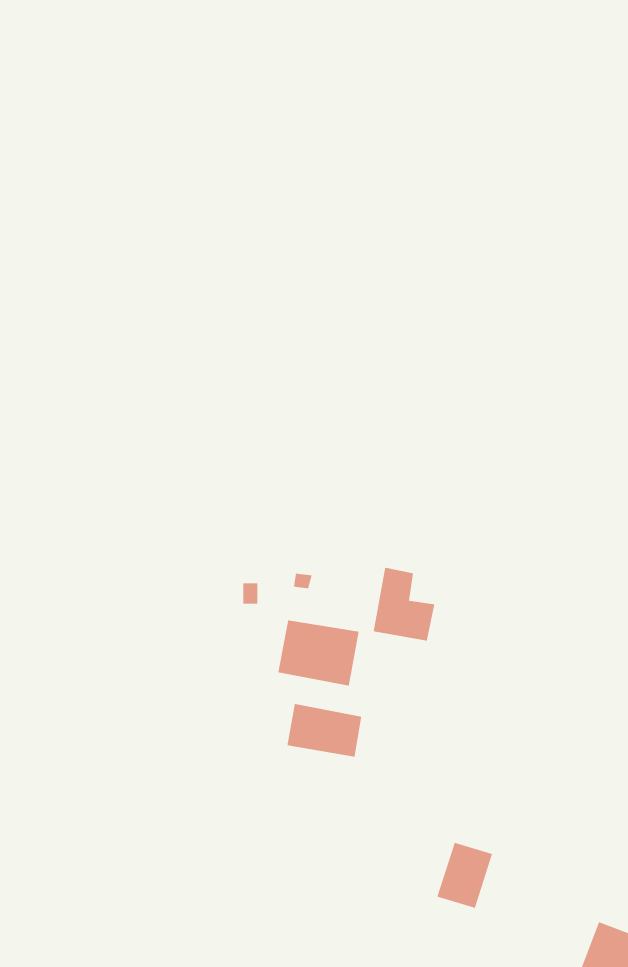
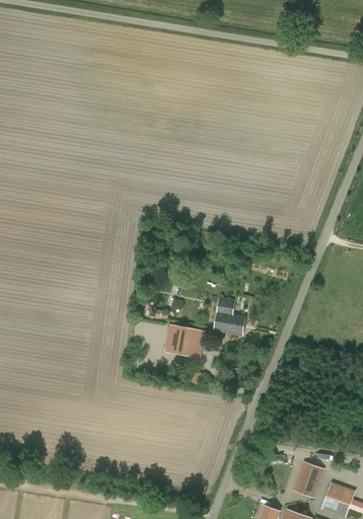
building: [287,703,362,757] -> none
building: [437,842,493,908] -> [294,462,323,497]

